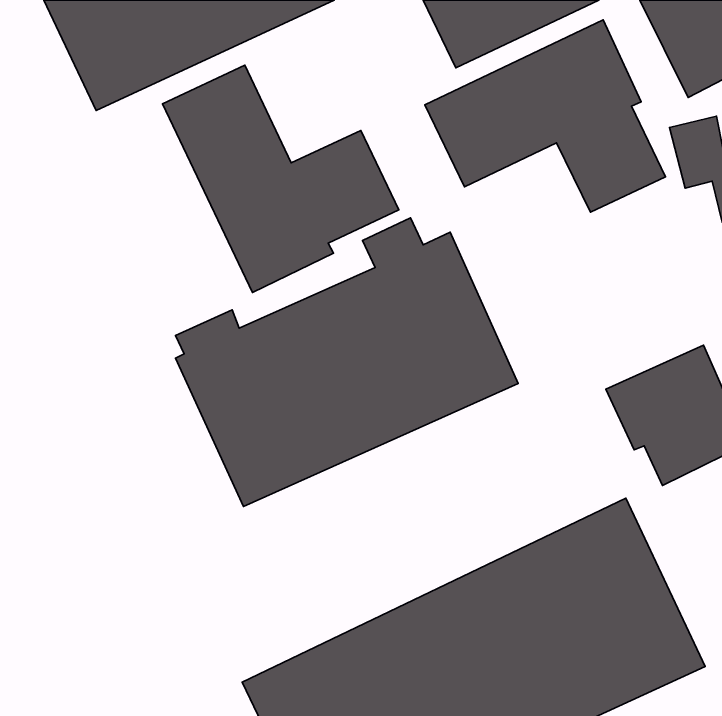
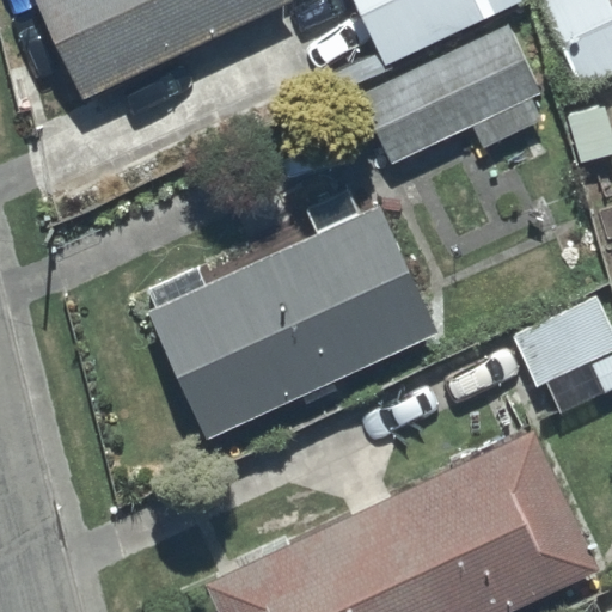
building: [163,65,399,293] -> none

